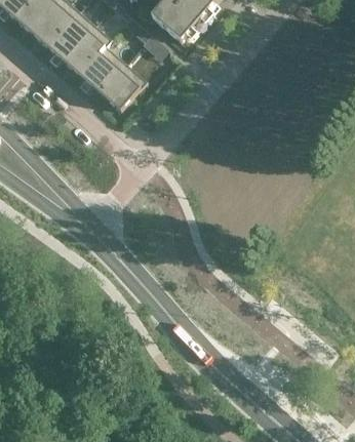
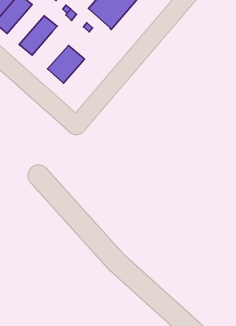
building: [44,9,91,61] -> none
building: [76,44,122,91] -> none

